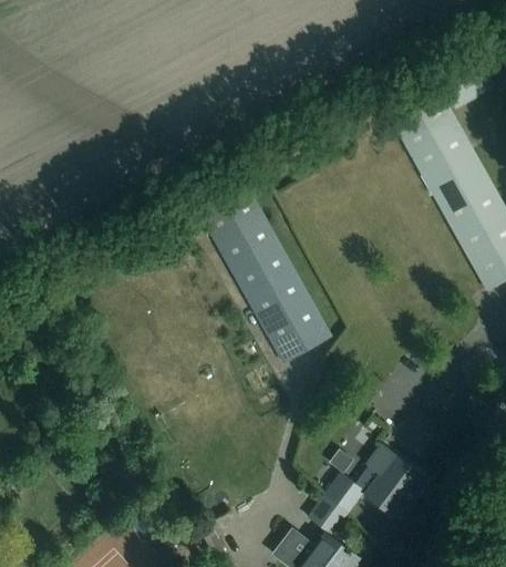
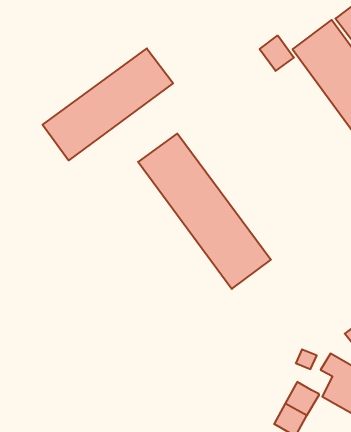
building: none -> [43,48,173,160]
building: none -> [260,36,294,71]

